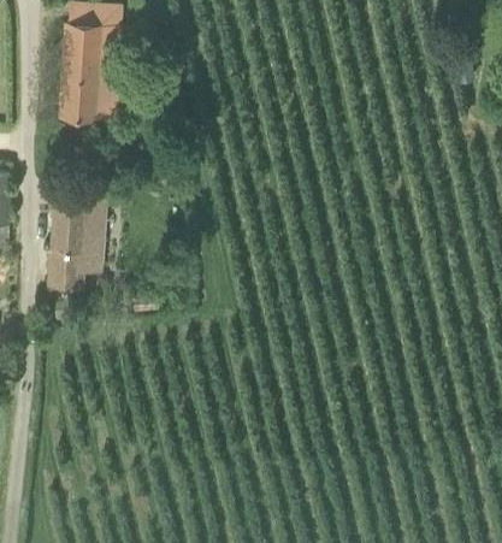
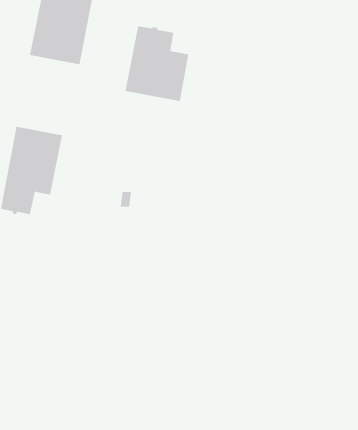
building: none -> [125,25,189,102]

